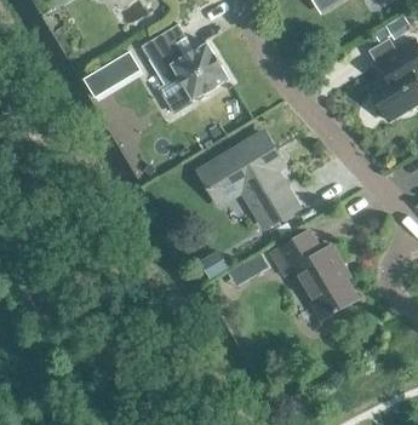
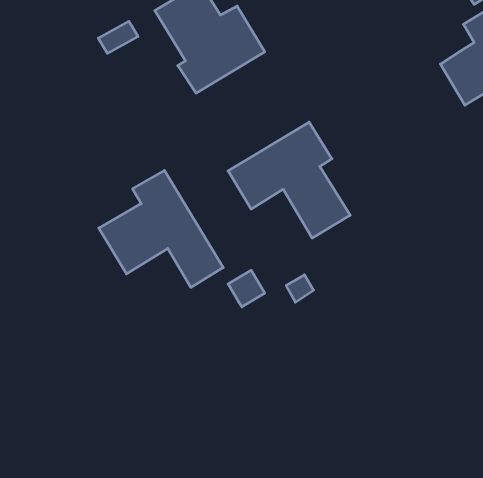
building: none -> [99,170,223,287]
building: [271,229,359,318] -> none

